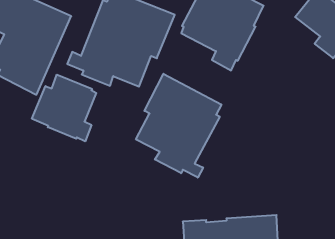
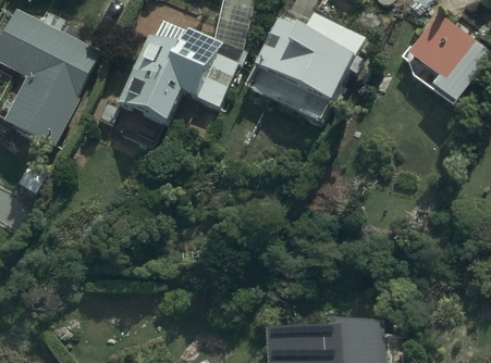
building: [136,74,221,178] -> none
building: [32,75,96,141] -> none

